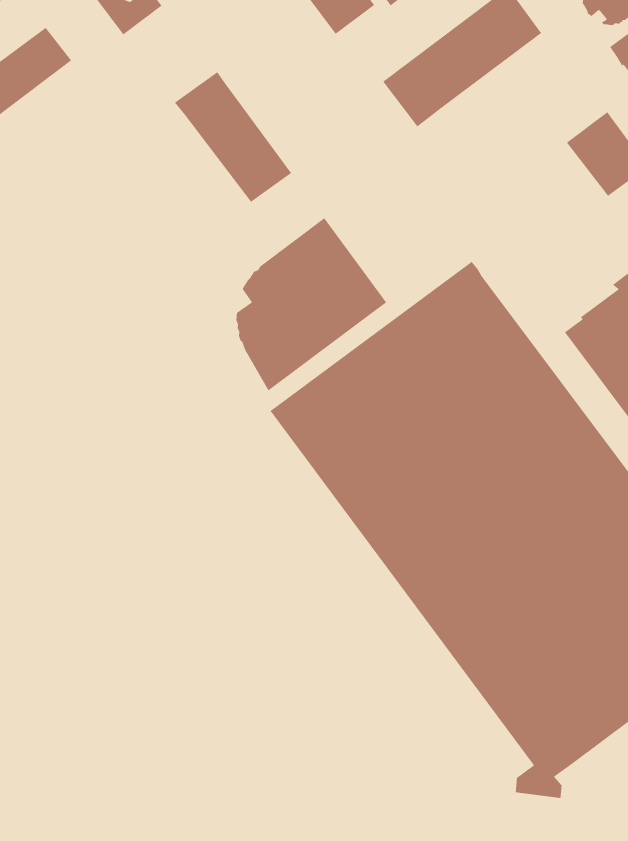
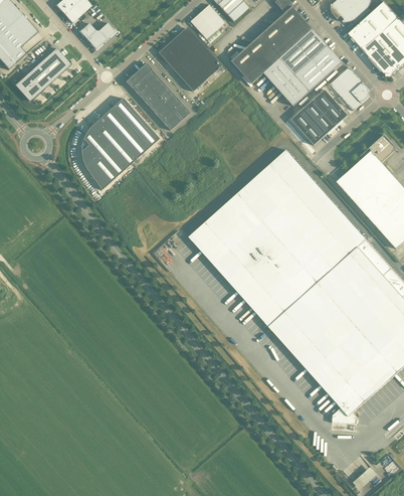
building: none -> [157,30,219,91]
building: none -> [263,28,342,105]
building: none -> [290,89,347,144]
building: [236,217,387,391] -> [80,97,158,189]

